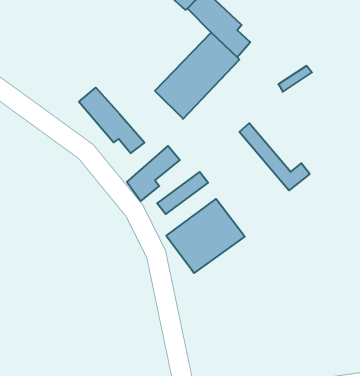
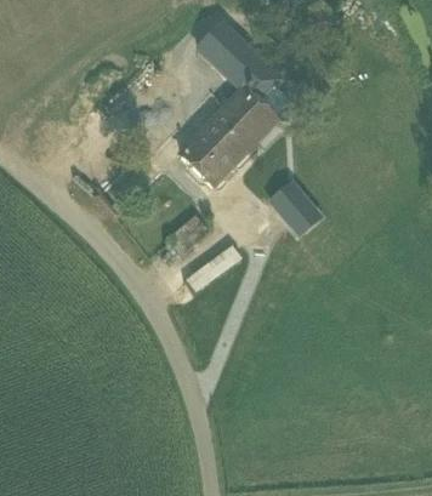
building: [79,88,144,153] -> none
building: [166,199,245,273] -> none

